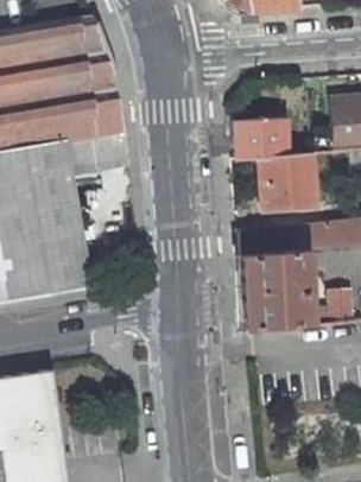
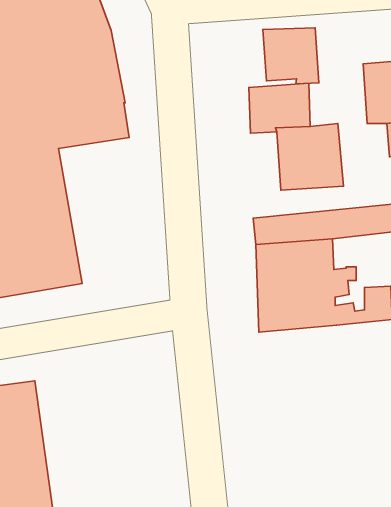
building: none -> [263,28,319,84]

